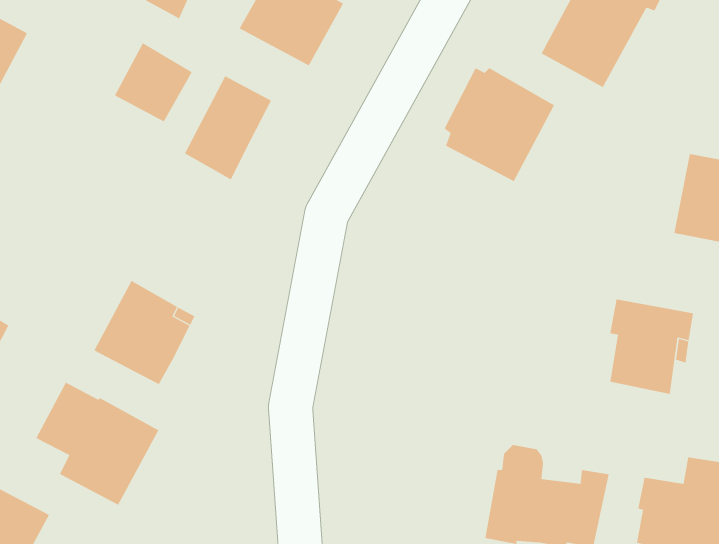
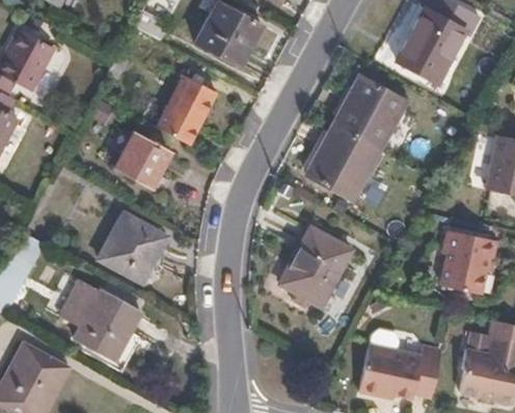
building: [114,42,192,122] -> [116,134,168,187]
building: none -> [300,124,378,199]
building: none -> [280,229,353,307]

